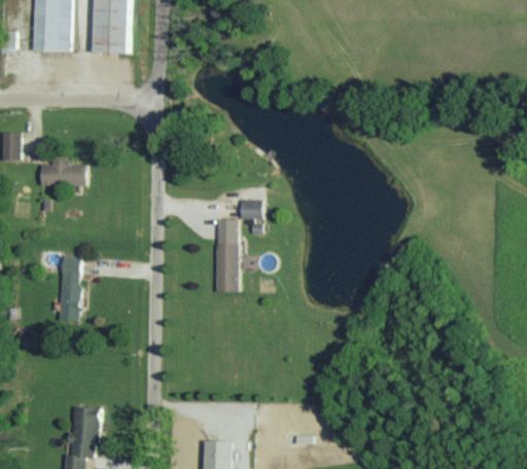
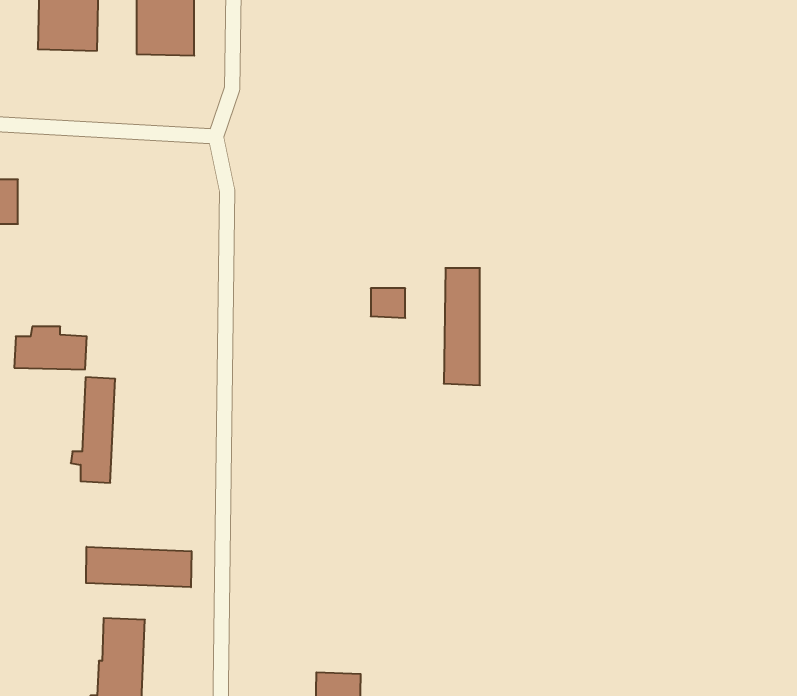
building: [40,158,85,185] -> [14,327,87,369]
building: [215,218,238,291] -> [444,268,480,385]
building: none -> [86,547,191,587]

